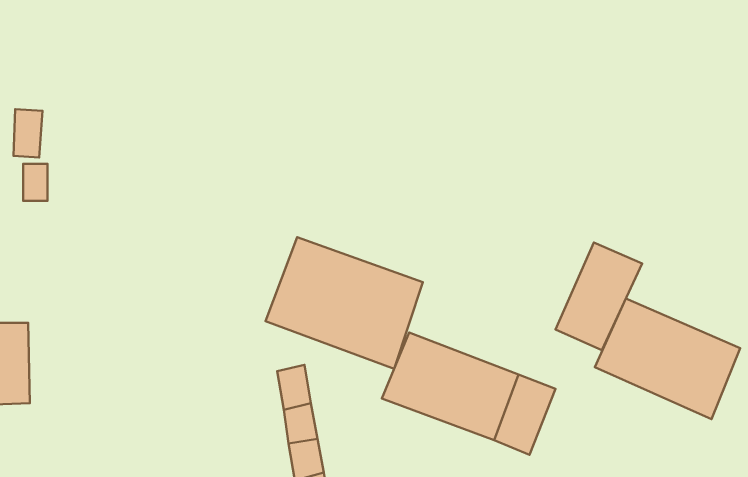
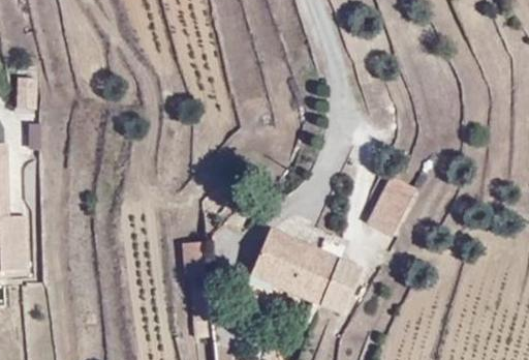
building: [265,237,423,369] -> none
building: [595,299,740,419] -> none

